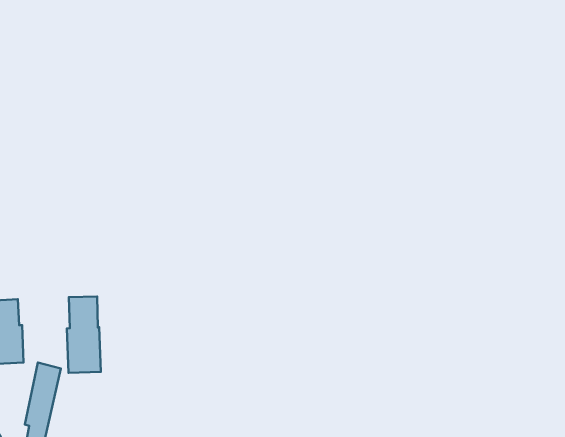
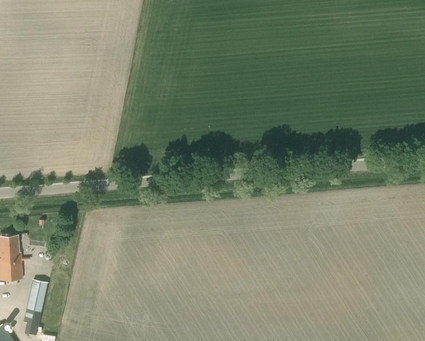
building: [67,297,101,373] -> none

